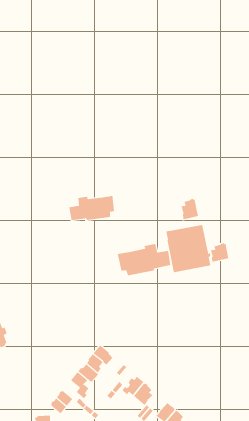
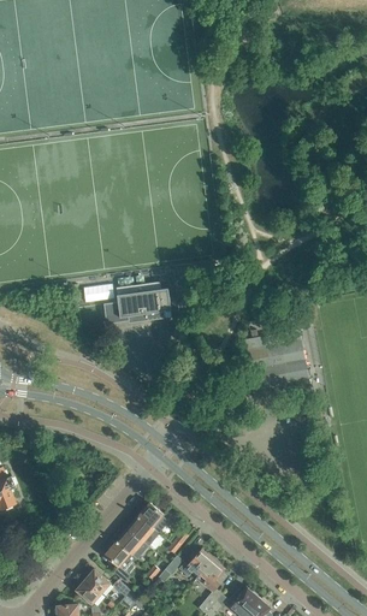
building: [181,198,198,220] -> none
building: [210,242,229,263] -> none
building: [117,243,171,276] -> none

